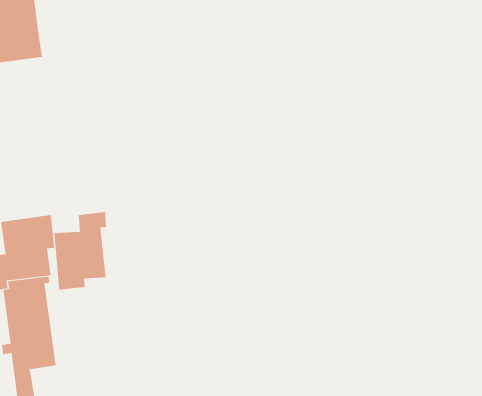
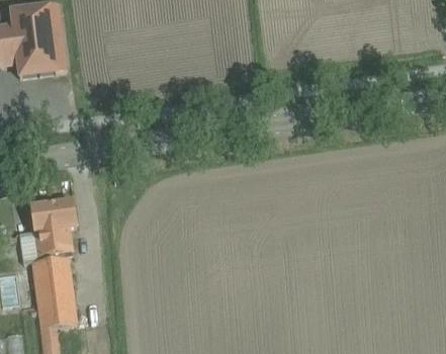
building: [54,211,107,291] -> none

